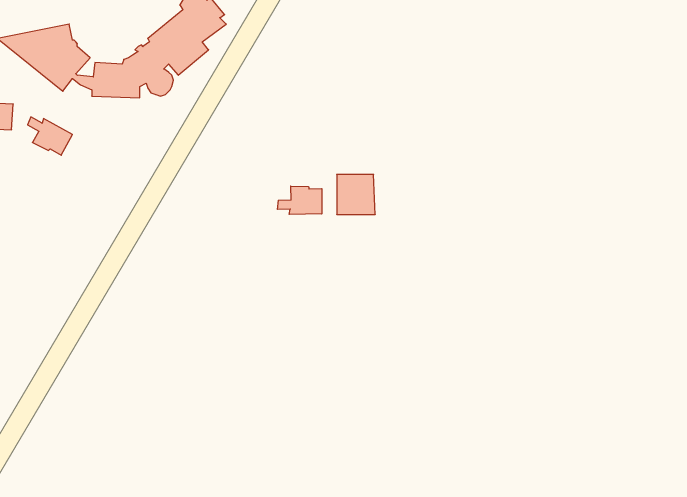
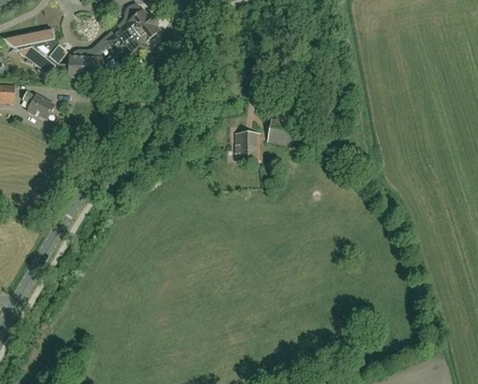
building: none -> [267,117,295,144]
building: [277,186,322,214] -> none

